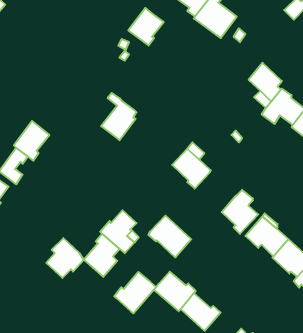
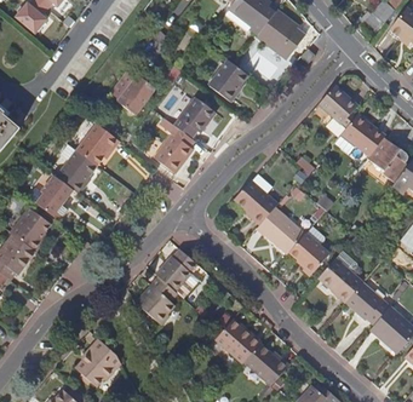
building: [128,8,164,46] -> [210,58,249,100]
building: none -> [109,69,155,114]
building: none -> [174,97,216,138]
building: none -> [76,124,119,166]
building: [148,216,191,257] -> [257,208,305,255]
building: [46,238,84,278] -> [78,339,120,384]
building: [114,272,156,313] -> none

